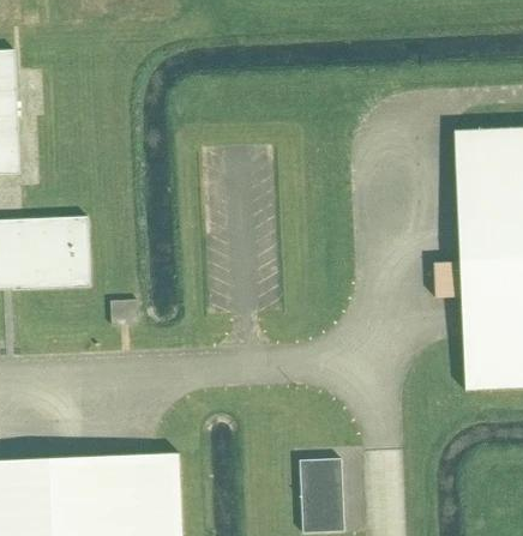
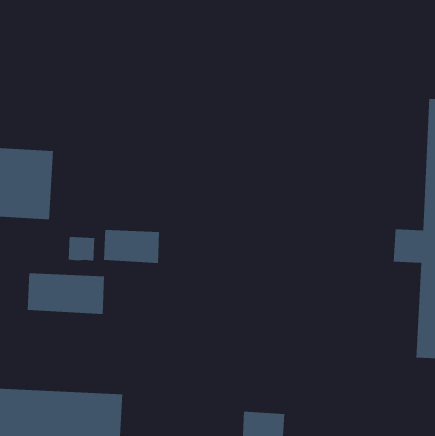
building: none -> [103,229,160,264]
building: none -> [27,273,105,315]

